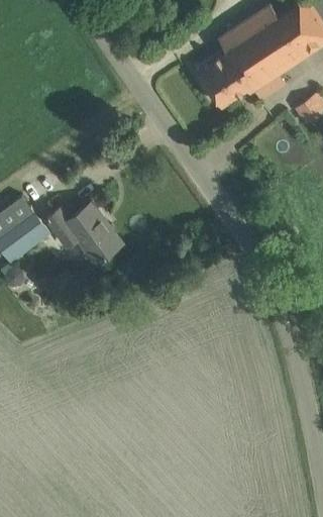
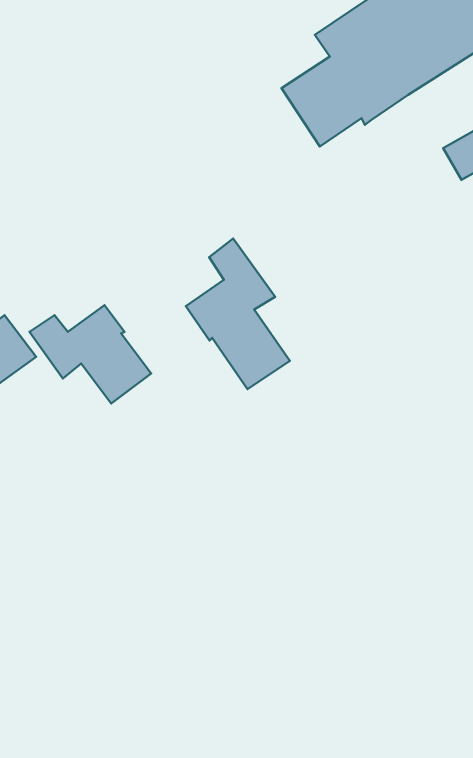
building: none -> [186,239,290,389]

